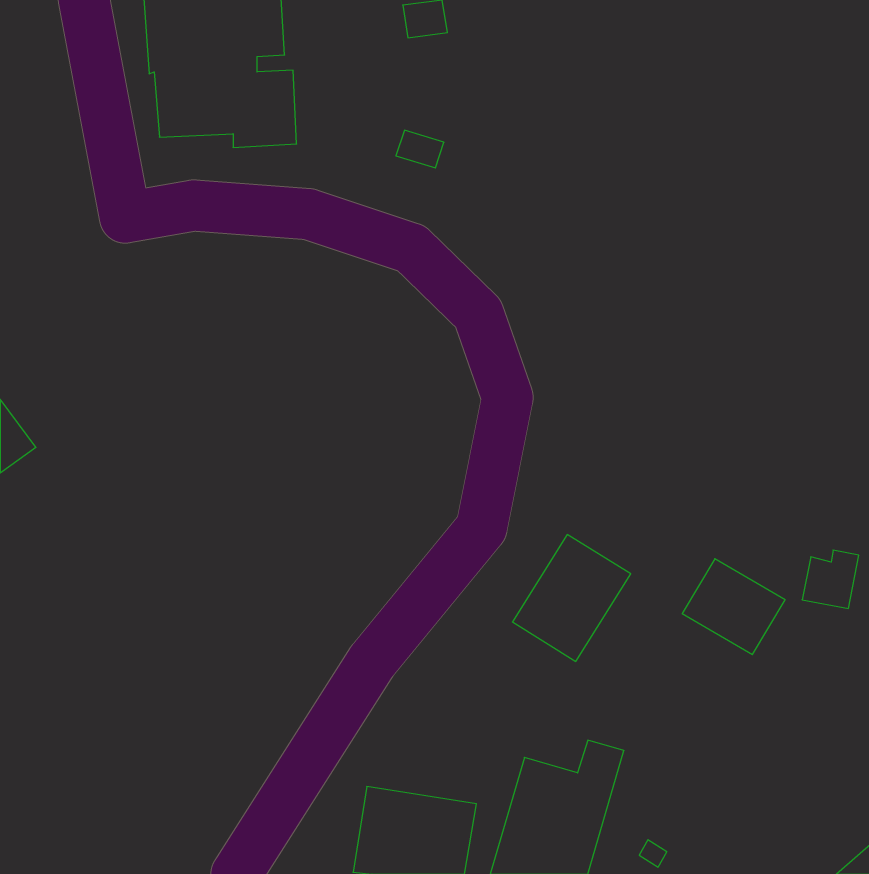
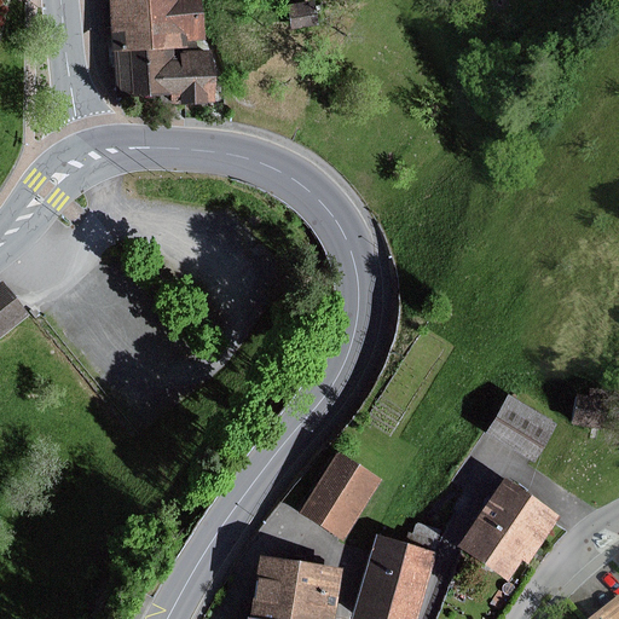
building: [512,535,631,661] -> [300,451,383,540]
building: none -> [455,476,561,580]

